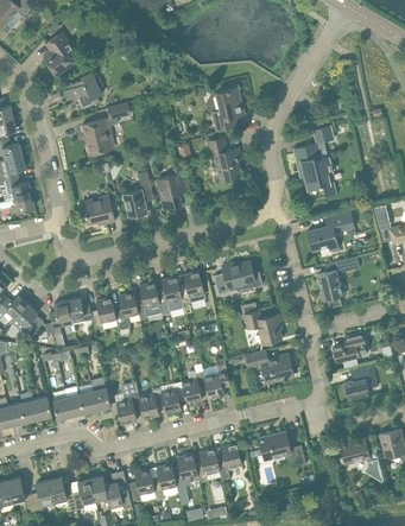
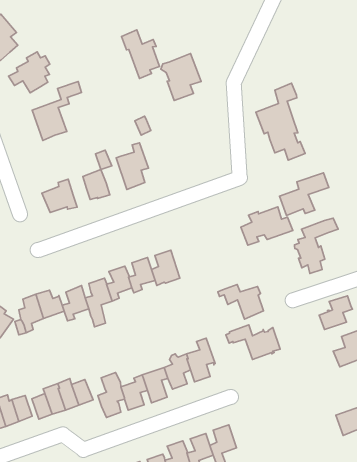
building: [208,137,241,183] -> [121,30,160,78]
building: [214,261,262,294] -> [241,207,293,245]
building: [259,431,306,468] -> none

